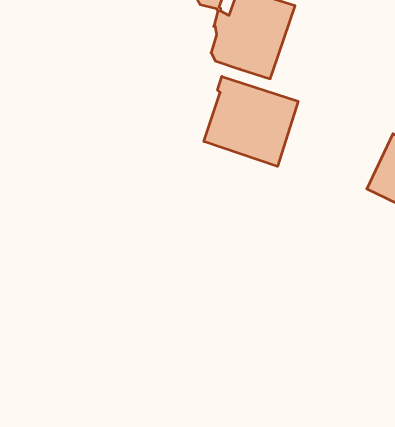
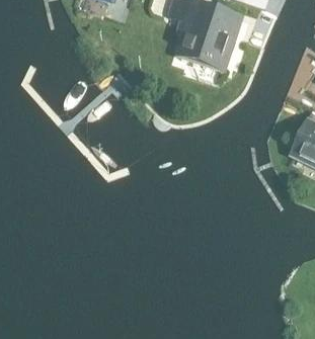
building: [204,76,298,166] -> none

